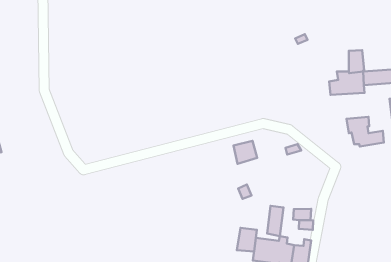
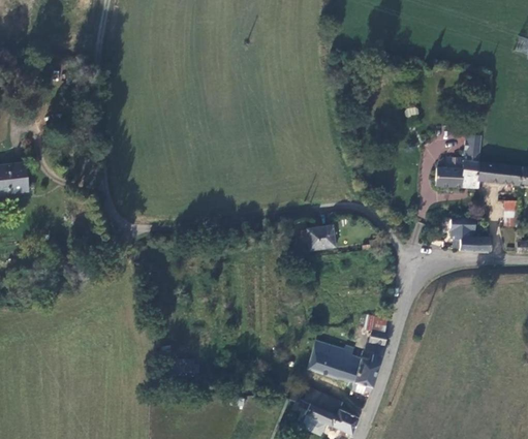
building: [267,206,284,236] -> none
building: [237,228,257,251] -> none

